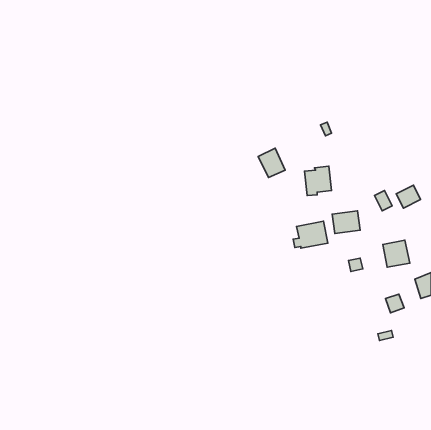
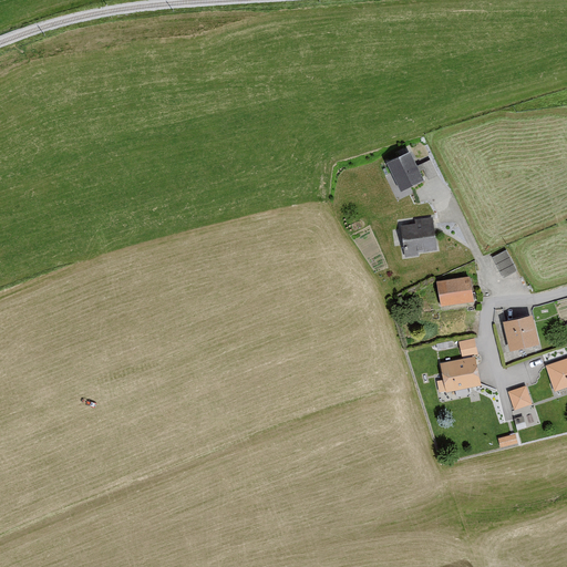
building: [258,148,285,178] -> [388,152,423,190]
building: [396,185,421,208] -> none
building: [293,221,328,248] -> [435,358,481,393]

